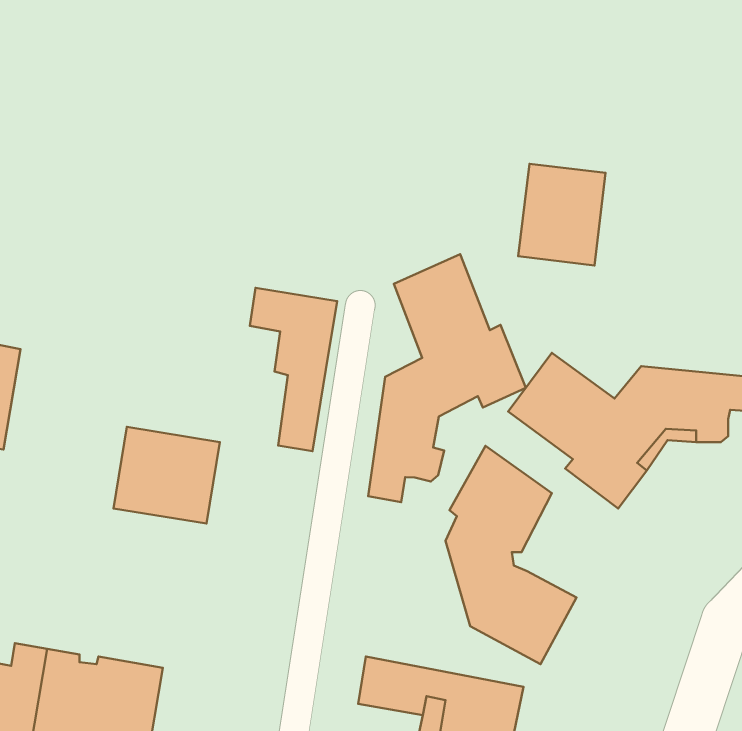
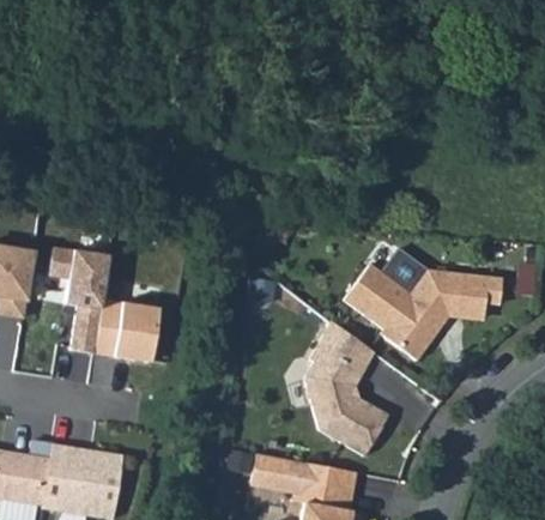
building: [518,164,606,265] -> none
building: [368,254,526,502] -> none
building: [250,288,337,451] -> [55,254,110,357]

